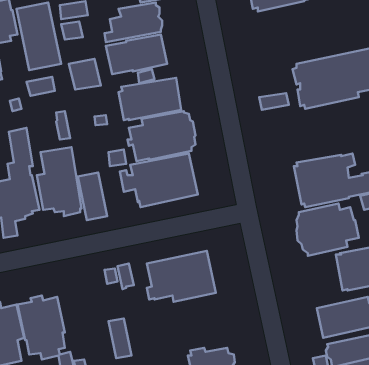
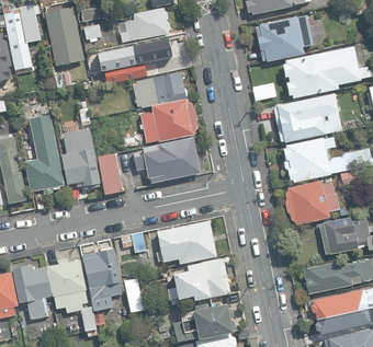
building: none -> [256,15,313,61]
building: none -> [276,93,342,142]
building: none -> [83,245,123,312]
building: none -> [167,258,227,304]

